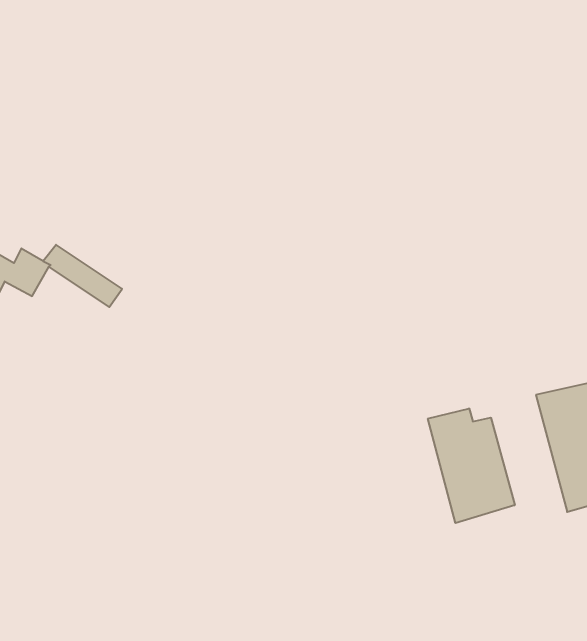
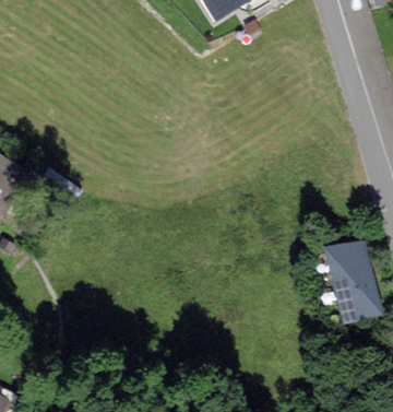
building: [428,408,515,523] -> none

